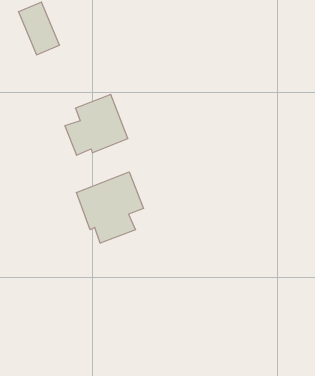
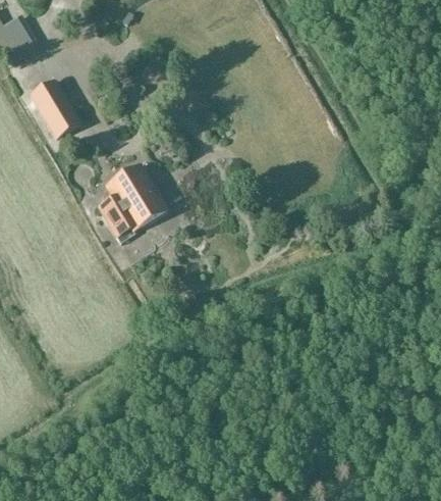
building: [76,172,144,243] -> none

